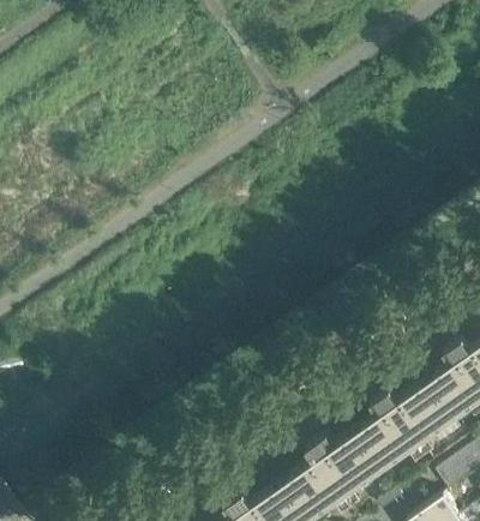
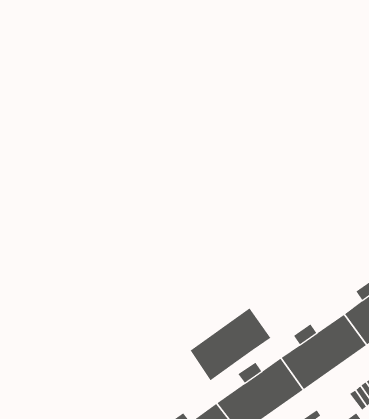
building: none -> [190,308,271,381]

